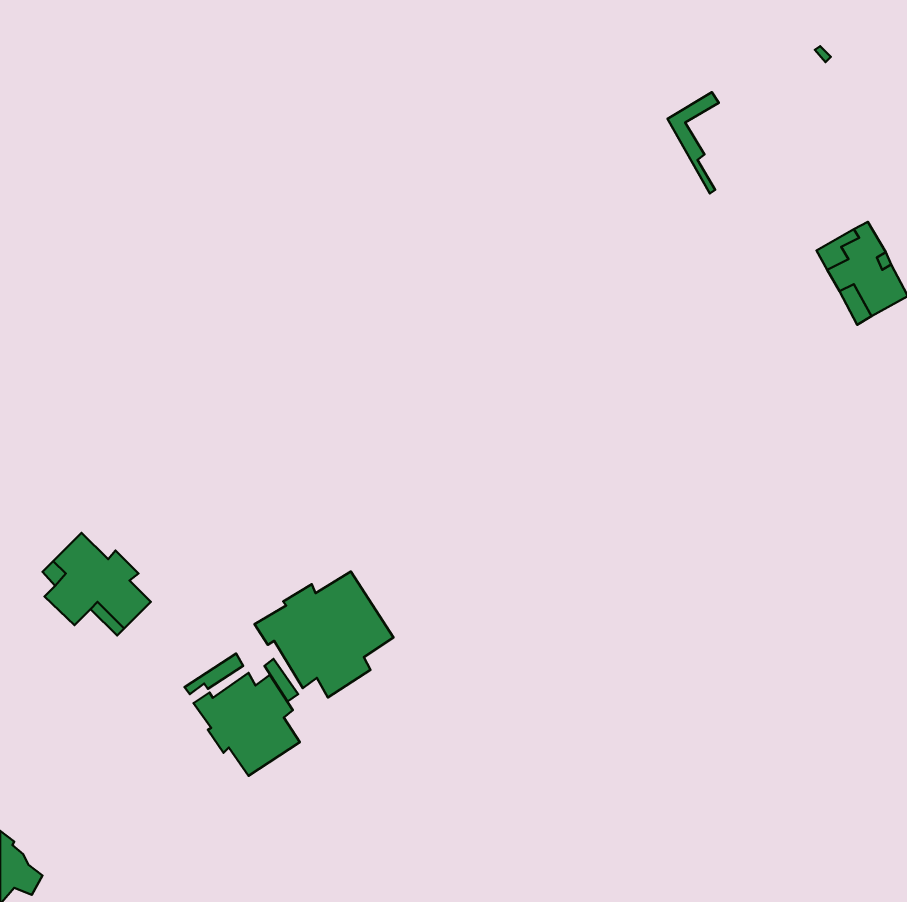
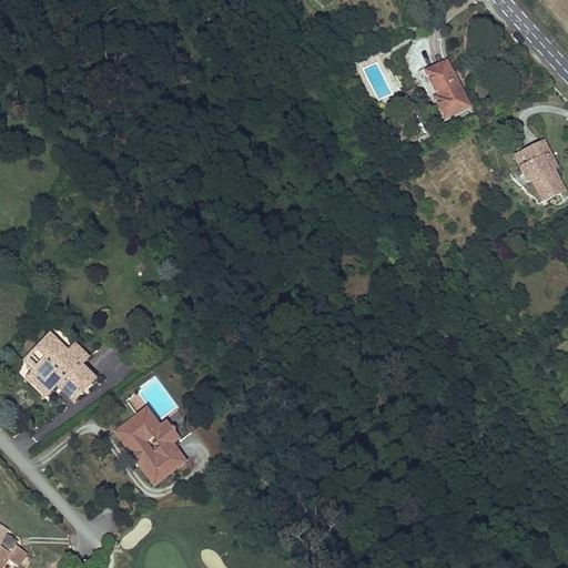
building: none -> [428,64,471,119]
building: [255,571,394,698] -> none

